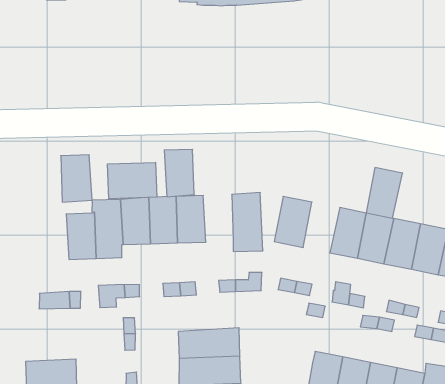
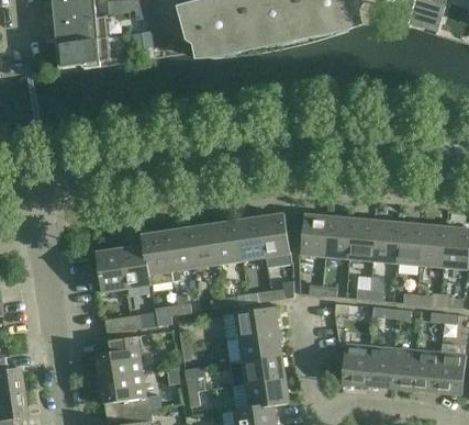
building: [164,149,194,197] -> [236,217,266,260]
building: [61,155,92,202] -> [97,249,127,292]
building: [108,162,157,199] -> none
building: [366,168,403,218] -> [326,216,354,258]
building: none -> [223,306,279,339]
building: none -> [96,335,143,379]

